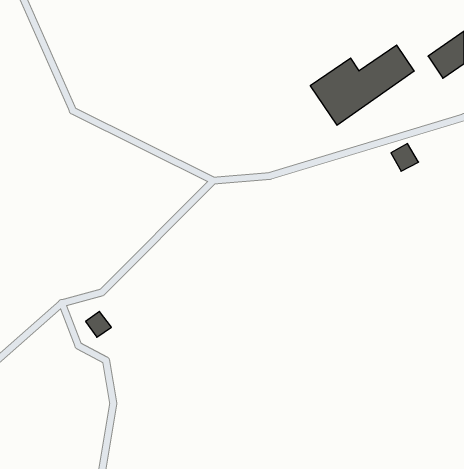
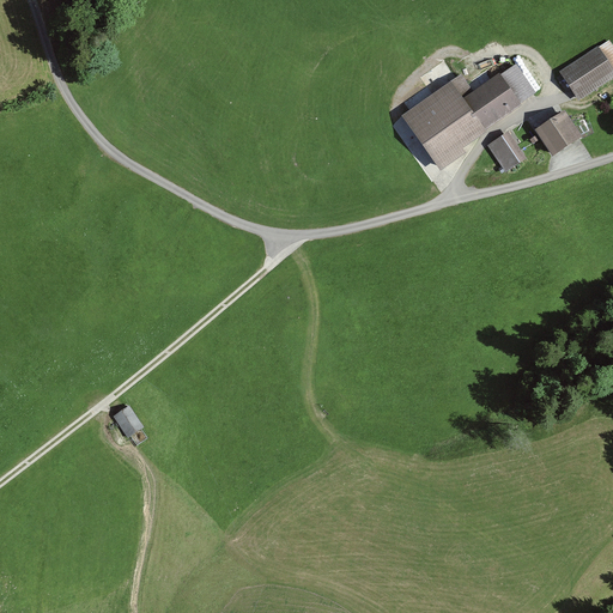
building: none -> [535,110,581,156]
building: [391,144,419,171] -> [486,134,522,170]

